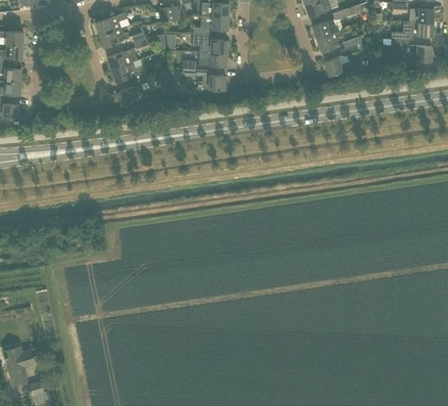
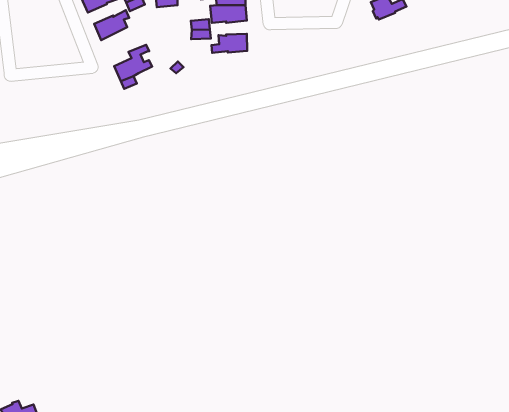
building: [111,61,146,82] -> none

